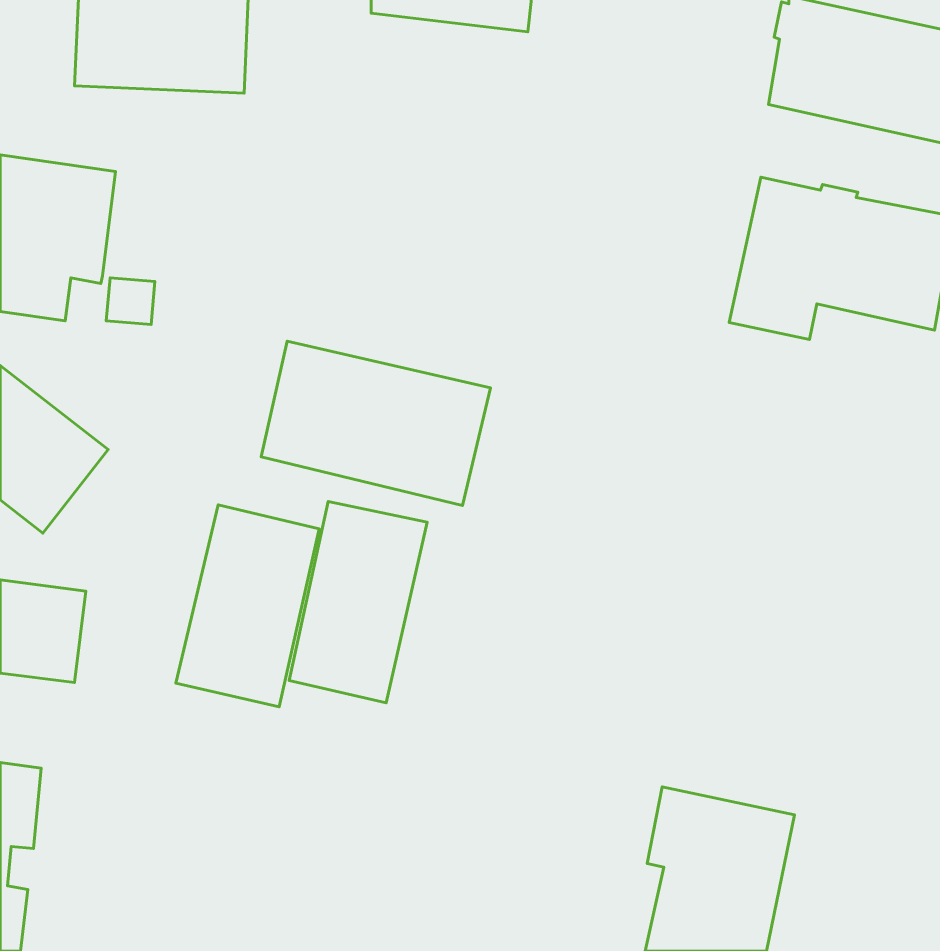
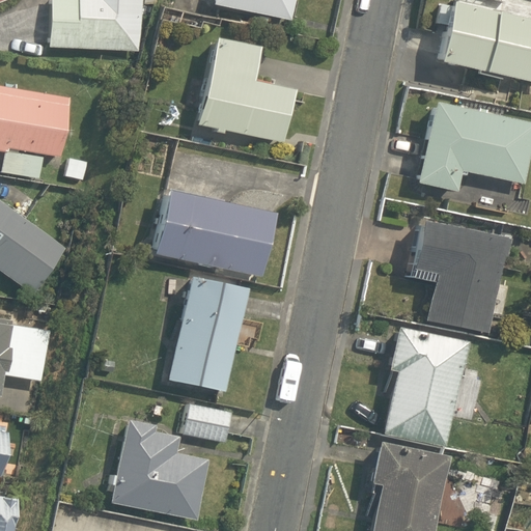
building: none -> [199,37,298,142]
building: none -> [407,217,509,331]
building: [176,505,319,707] -> none
building: none -> [382,324,469,445]
building: none -> [108,400,233,523]

